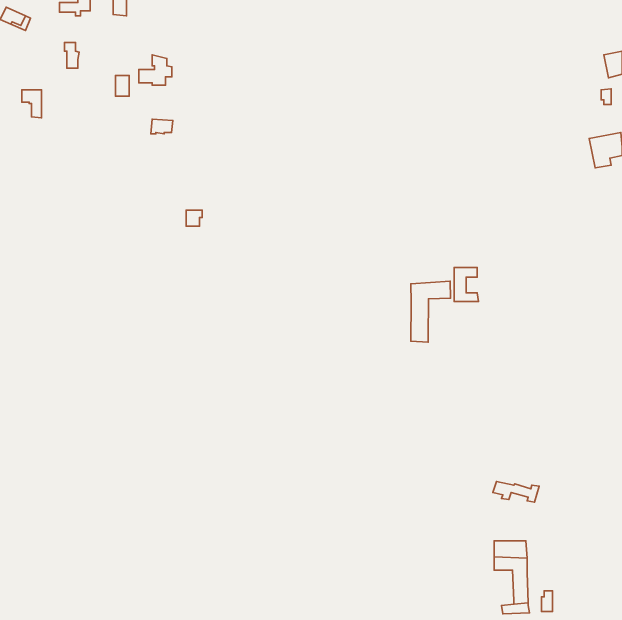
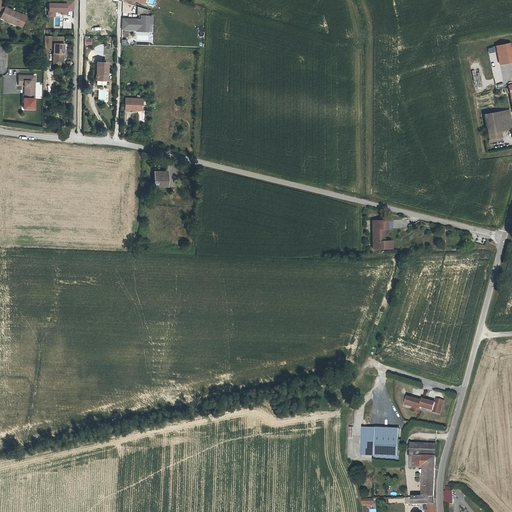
building: [139,55,172,85] -> [125,6,152,31]
building: [411,281,450,342] -> none
building: none -> [362,426,399,460]

